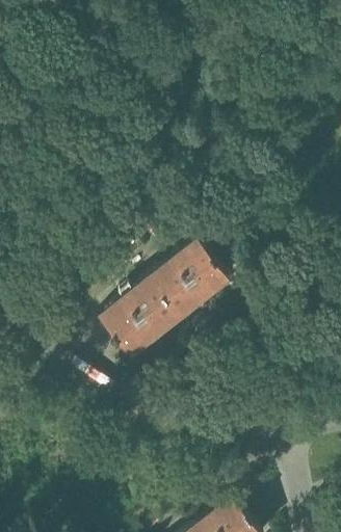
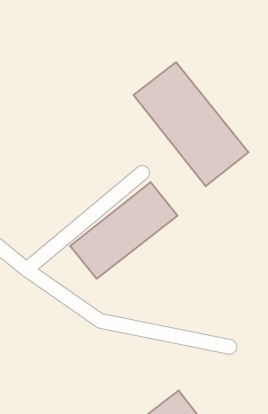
building: none -> [133,62,249,186]

